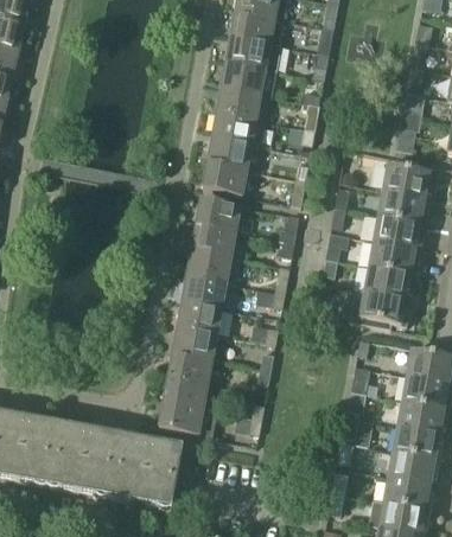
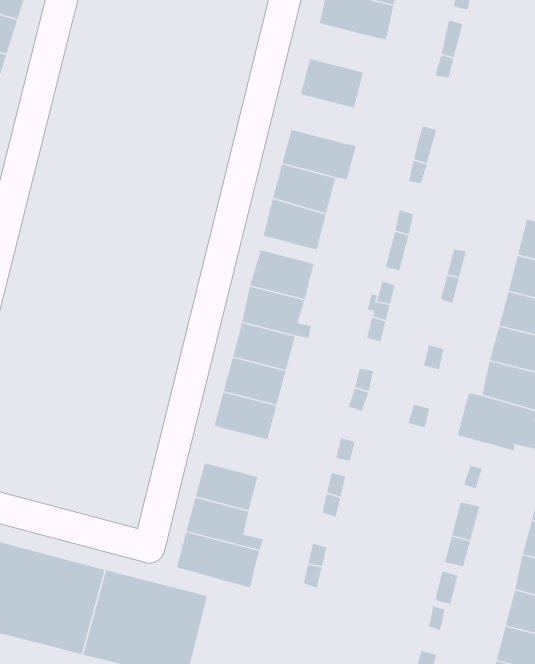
building: [225,34,279,69] -> none
building: [216,85,268,119] -> none
building: [172,324,216,357] -> none

